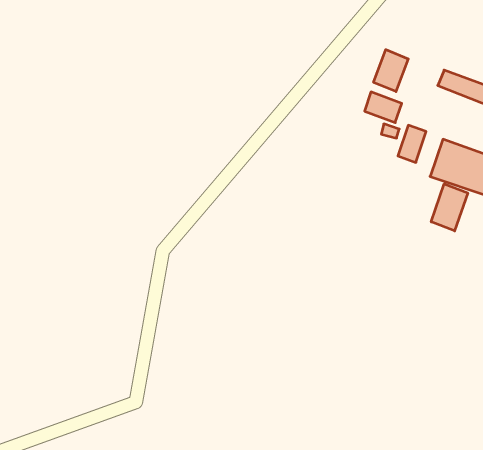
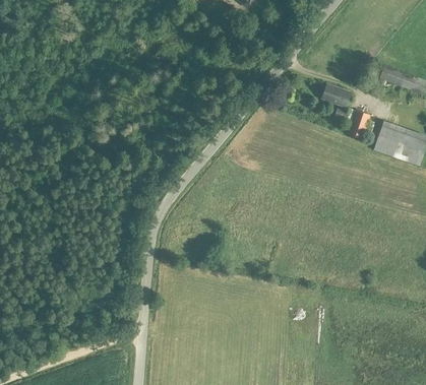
building: [374,50,408,92] -> none
building: [431,184,468,231] -> none

